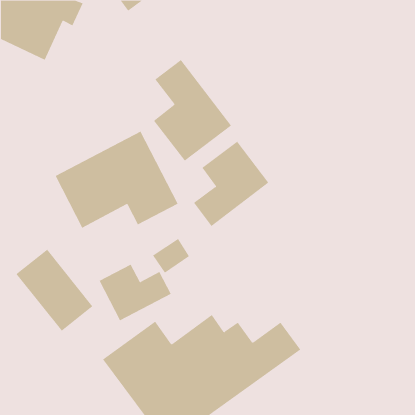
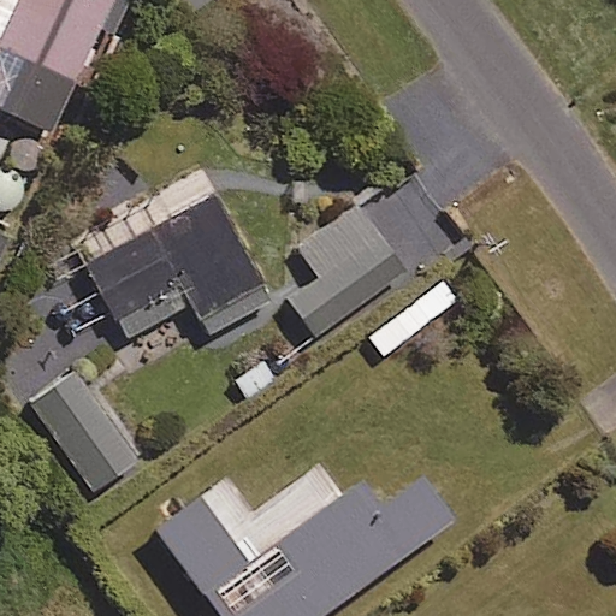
building: [153,59,232,161] -> none
building: [99,264,172,321] -> none

